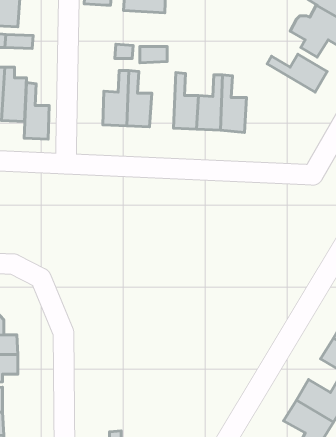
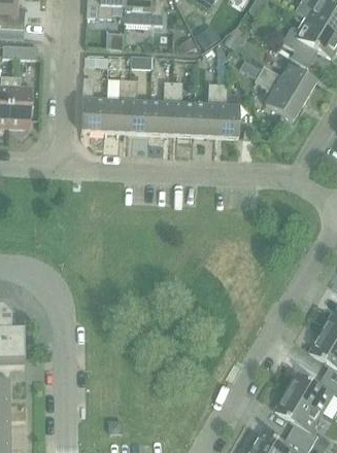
building: none -> [255,73,305,120]
building: none -> [148,81,173,134]
building: [24,83,49,139] -> [81,77,105,131]

